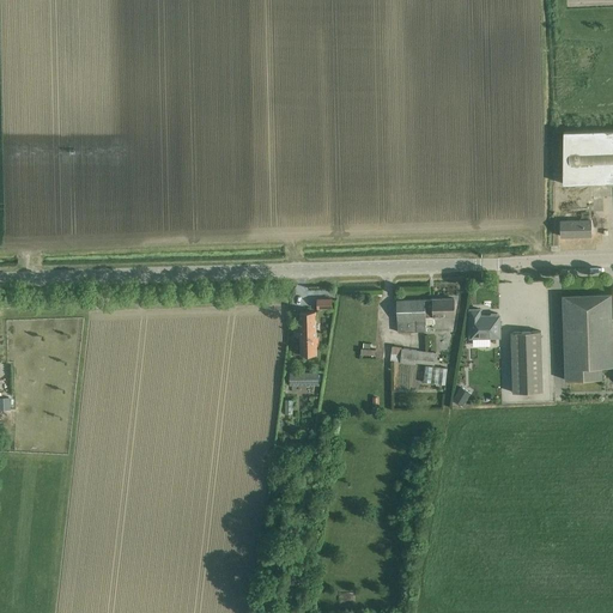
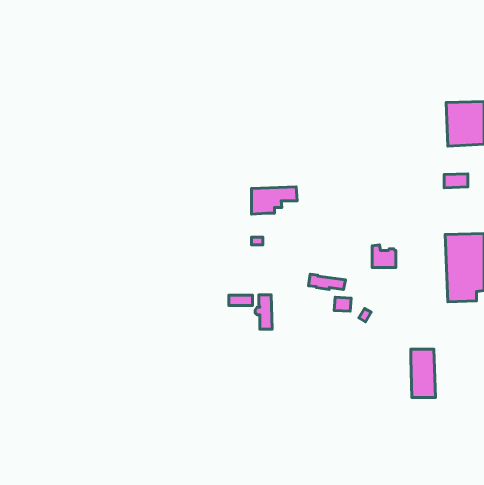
building: [396,298,454,333] -> [252,187,297,214]
building: [295,311,316,354] -> [255,295,272,329]
building: [511,332,542,393] -> [411,349,436,398]

